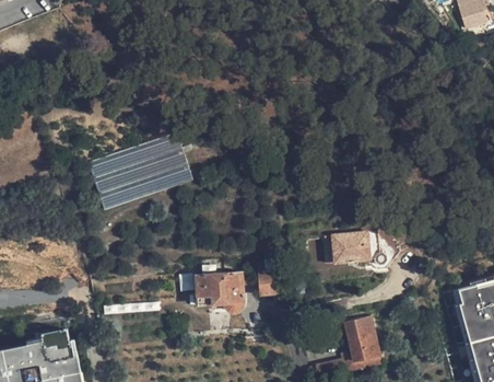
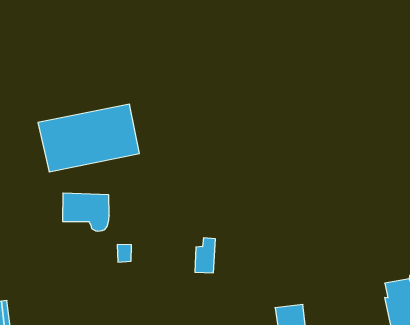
building: [325,231,390,265] -> none
building: [197,274,245,311] -> [63,193,109,231]

